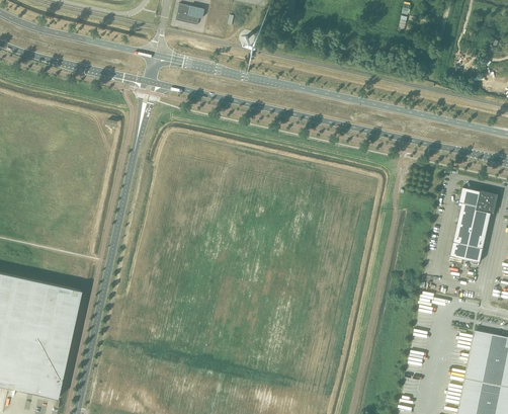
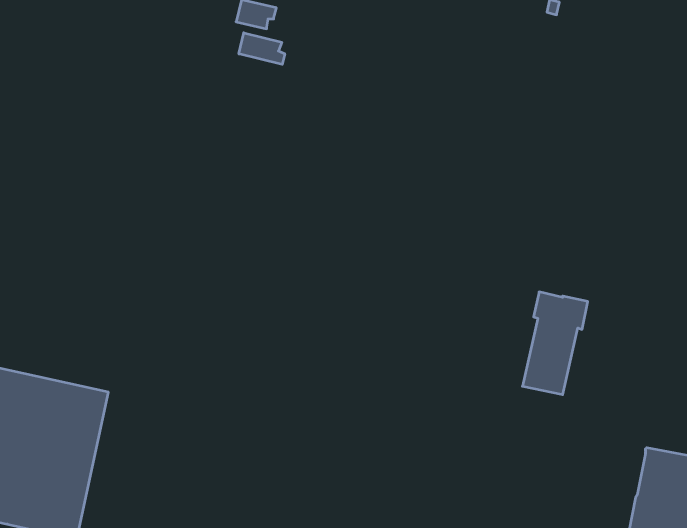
building: none -> [239,33,285,64]
building: [450,186,498,261] -> [522,292,588,395]

